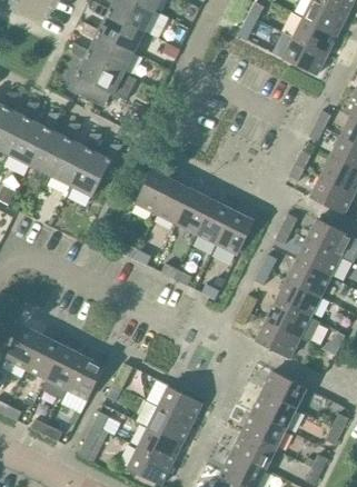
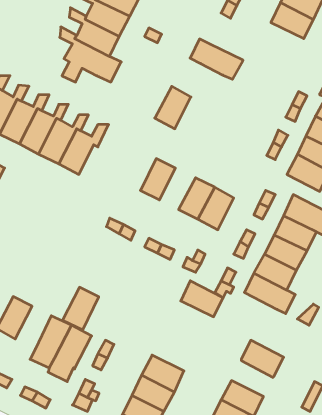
building: [271,32,327,74] -> [190,39,243,79]
building: [135,169,172,213] -> [155,86,191,129]
building: [176,190,214,233] -> none
building: [255,320,299,358] -> [181,281,223,317]
building: [24,335,62,379] -> [63,287,99,330]
building: [251,391,295,429] -> none

